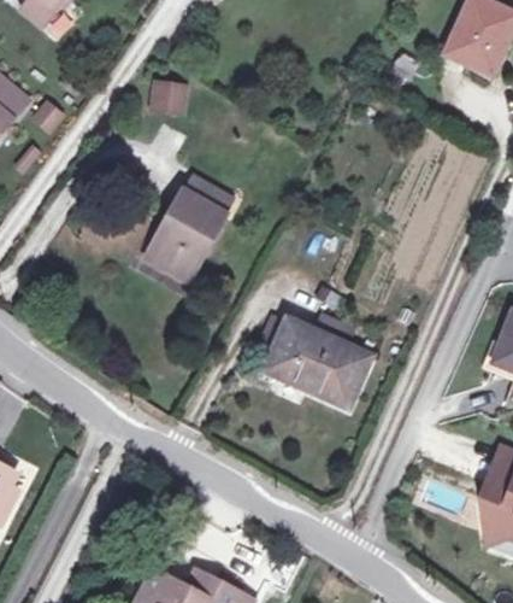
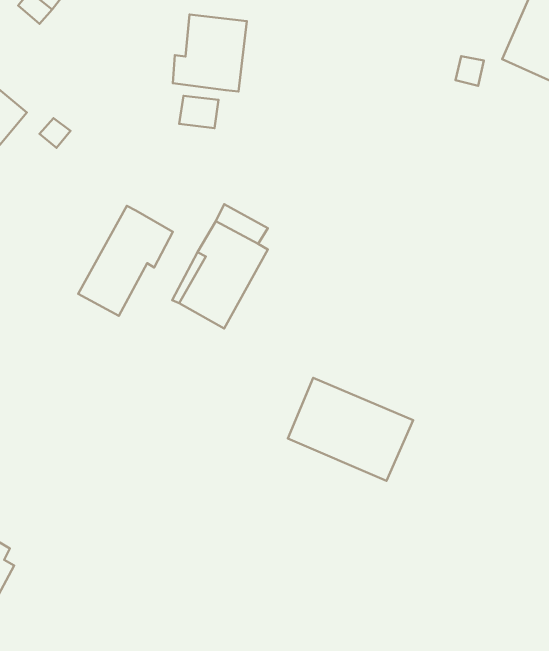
building: none -> [173,15,247,92]
building: none -> [78,206,173,316]

